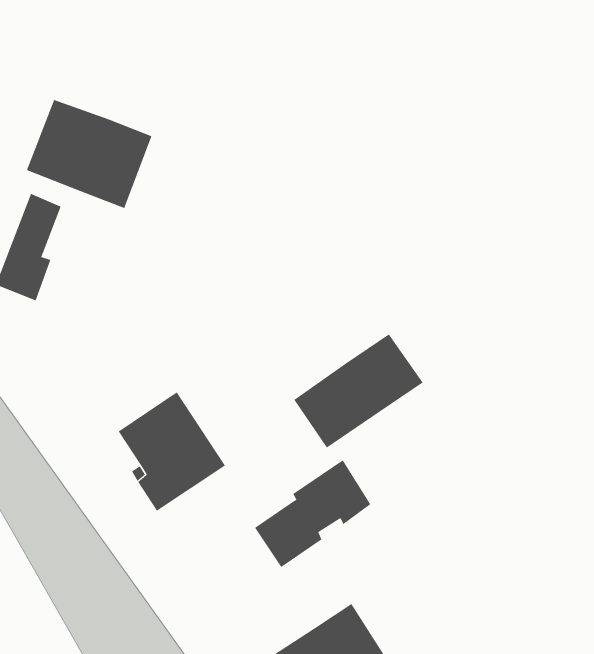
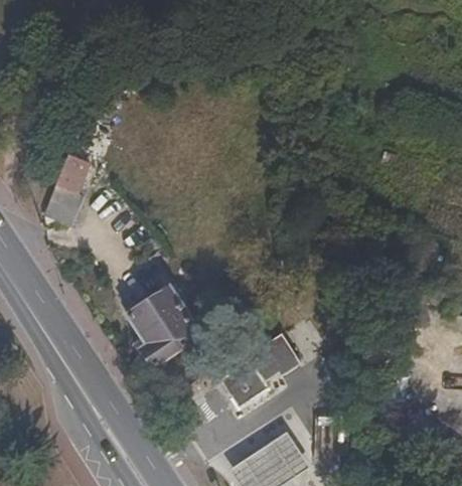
building: [26,99,152,209] -> none
building: [294,333,423,448] -> none

